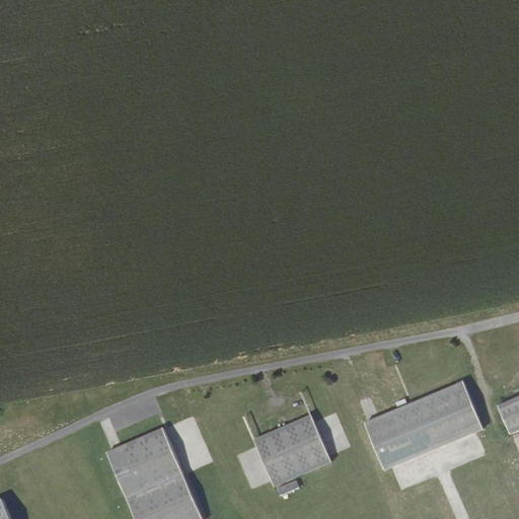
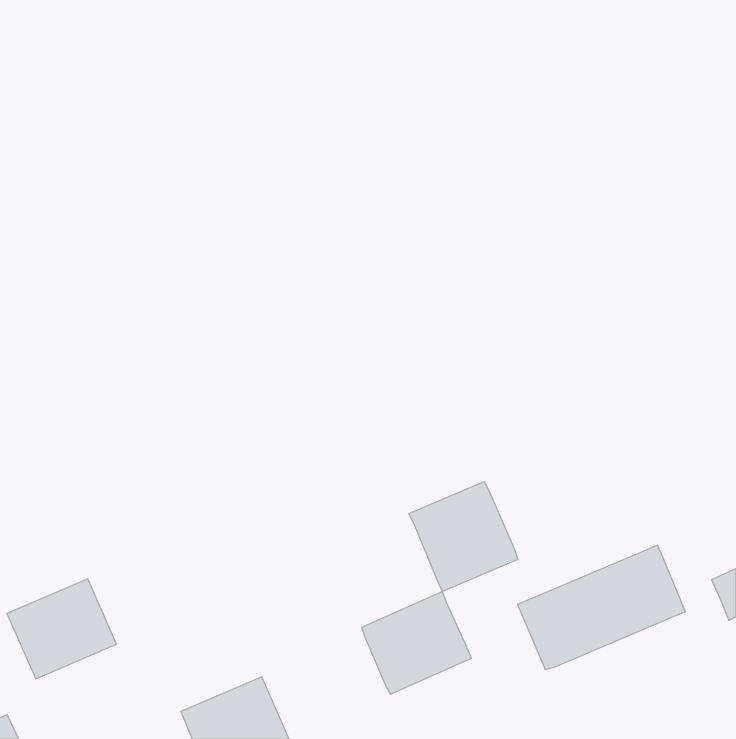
building: none -> [409,482,518,591]
building: [106,429,183,499] -> [7,579,117,679]

